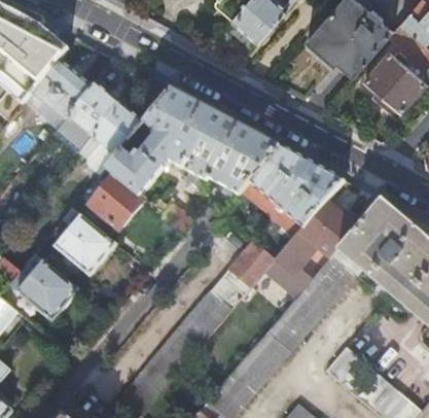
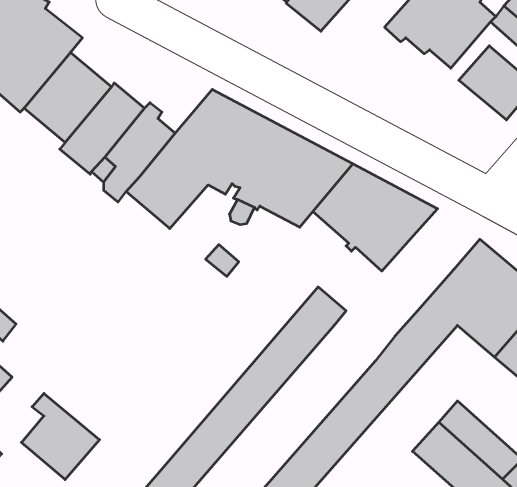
building: [82,167,146,231] -> none
building: [267,201,360,299] -> none
building: [55,208,116,276] -> none
building: [17,253,78,320] -> [21,393,100,480]

